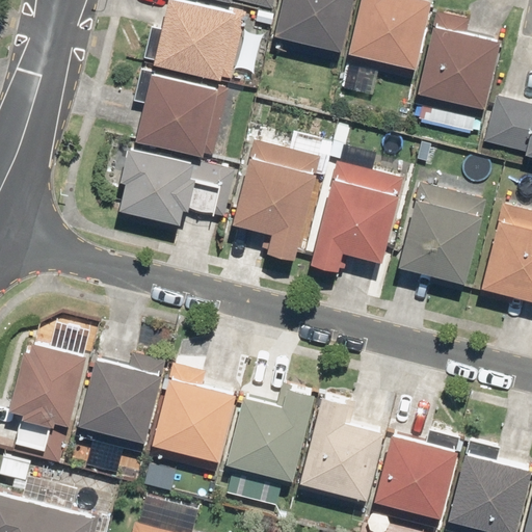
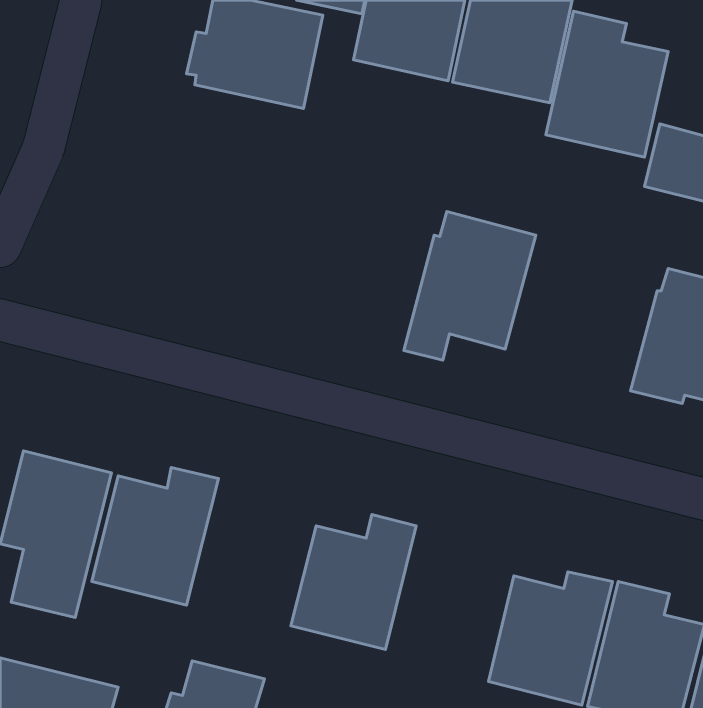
building: [134,68,232,159] -> none
building: [231,129,328,261] -> none
building: [117,147,238,225] -> none
building: [396,183,488,283] -> none
building: [151,361,238,471] -> none
building: [297,391,387,506] -> none

